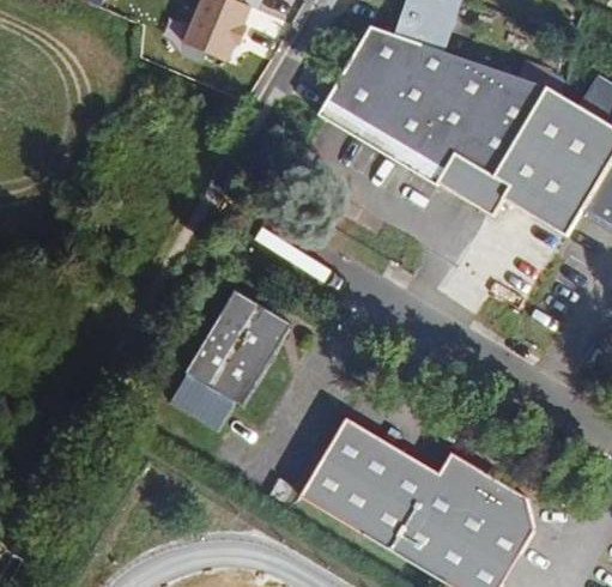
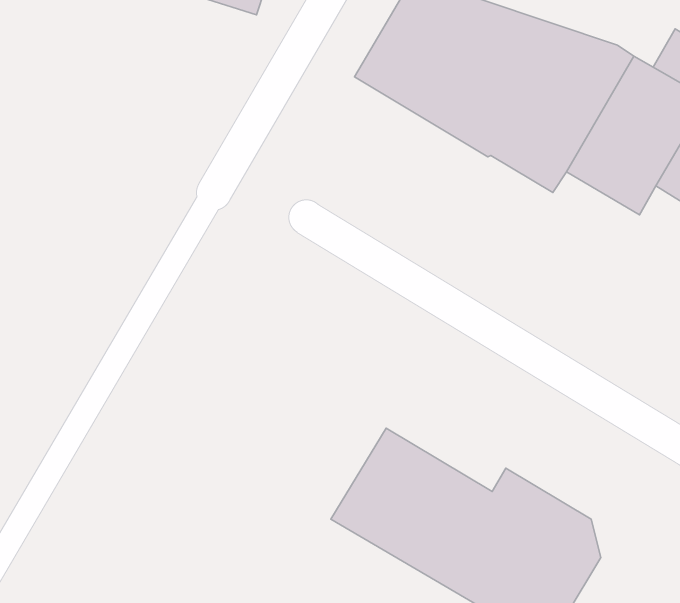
building: [170,290,292,430] -> none

